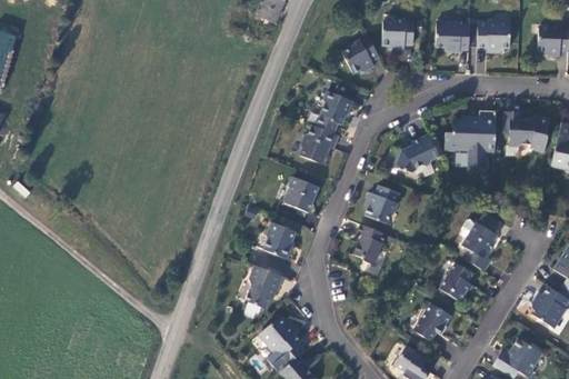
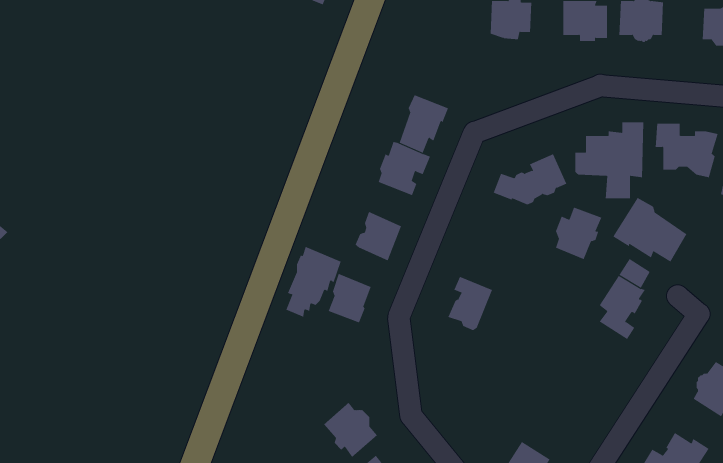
building: [341,37,379,73] -> none
building: none -> [612,197,687,263]
building: [365,184,399,223] -> [555,207,602,260]
building: [439,262,472,301] -> none
building: [241,265,282,317] -> [286,246,342,318]
building: [413,302,451,340] -> none

